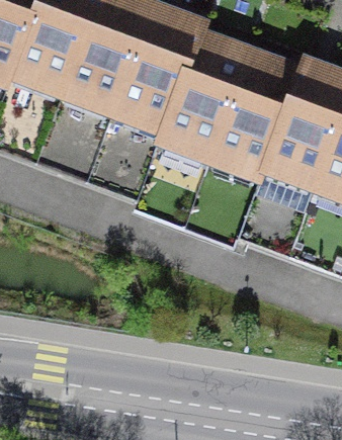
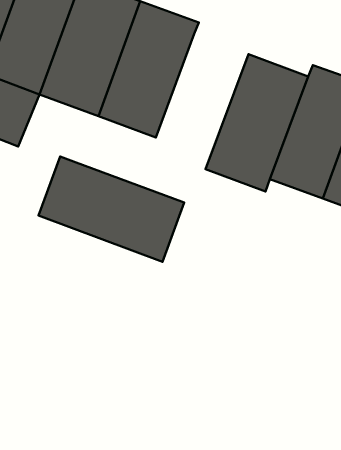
building: [164,31,251,153] -> none
building: none -> [38,156,184,262]

